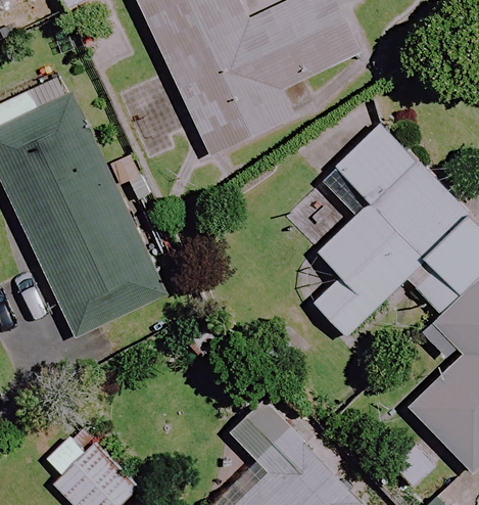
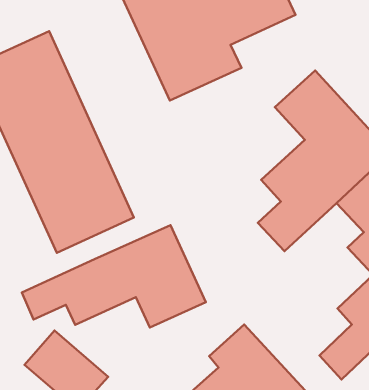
building: none -> [22,225,206,328]

